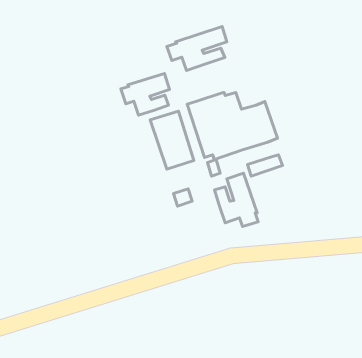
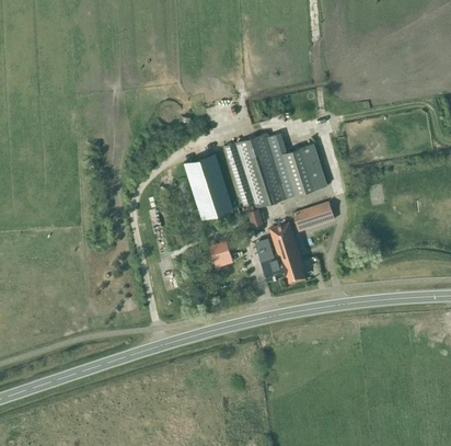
building: [167,26,227,70] -> none
building: [121,73,169,115] -> none

